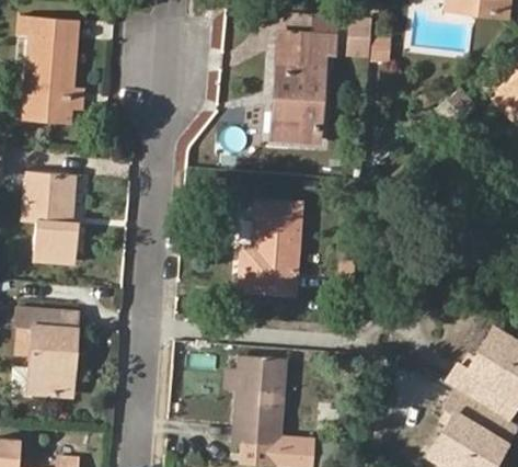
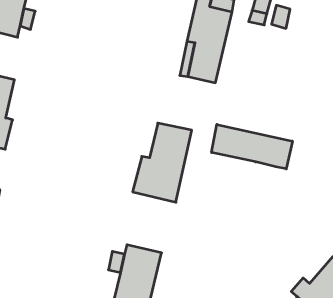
building: none -> [212,124,292,169]

